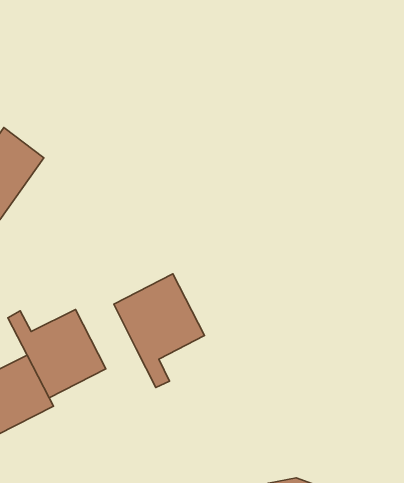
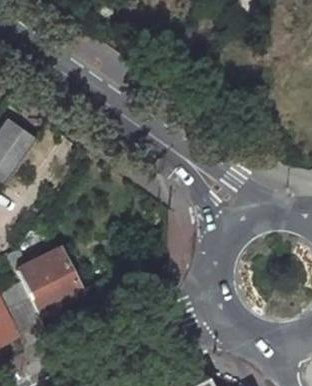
building: [114,274,204,387] -> none

